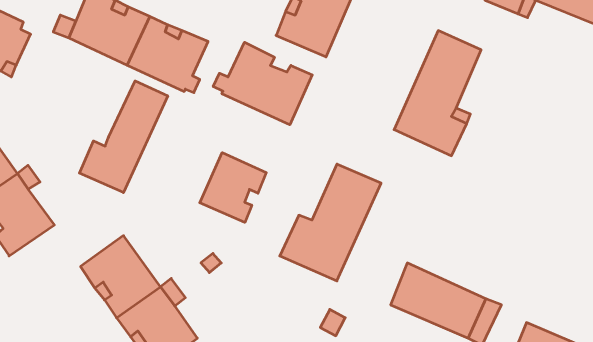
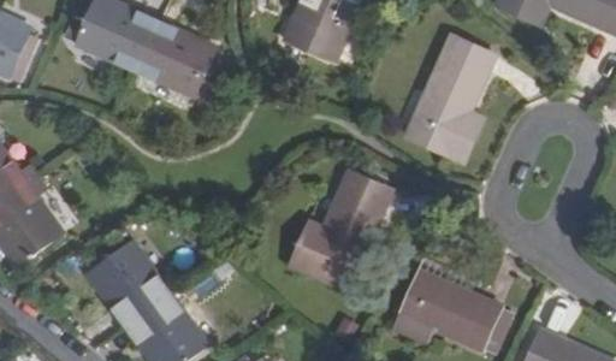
building: [213,42,312,125] -> none
building: [79,81,168,193] -> none
building: [200,153,266,222] -> none

